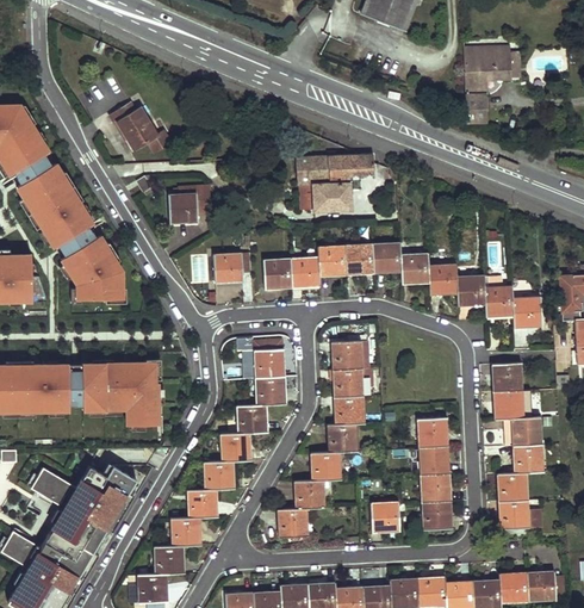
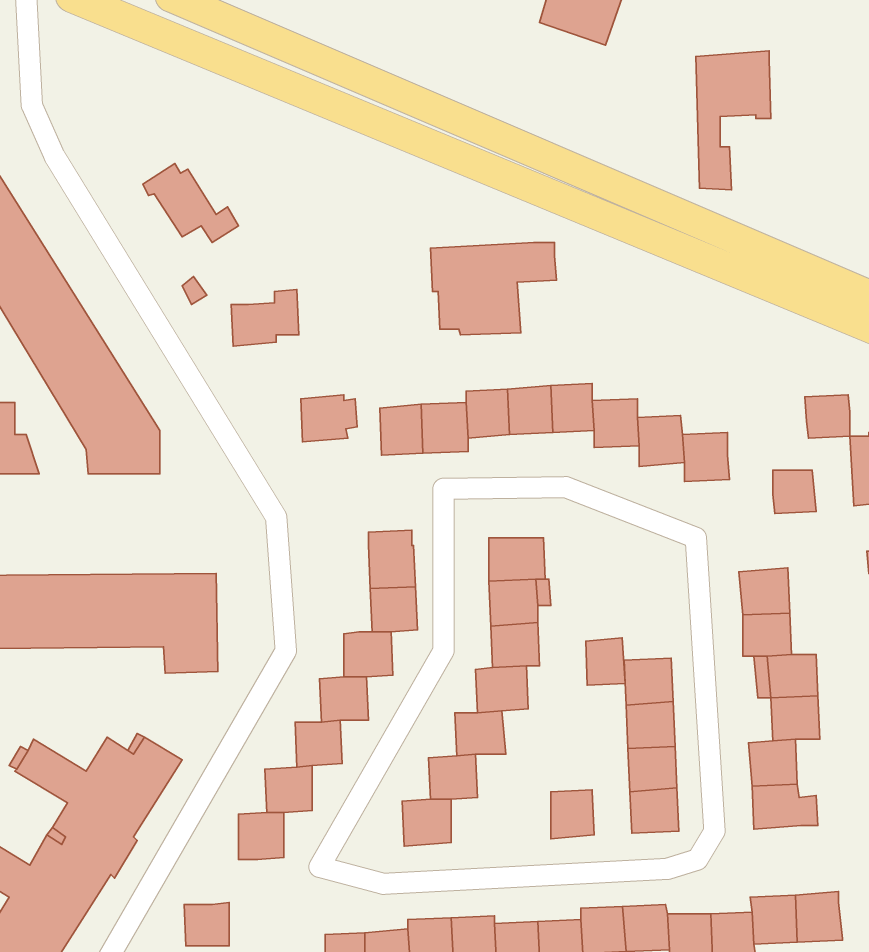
building: [483,289,511,316] -> [805,395,850,438]
building: none -> [586,638,625,685]
building: [156,546,185,575] -> none

